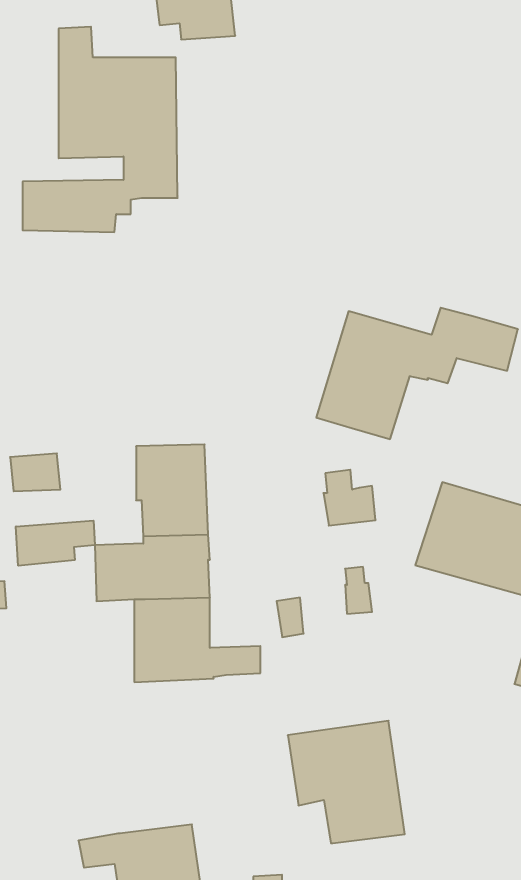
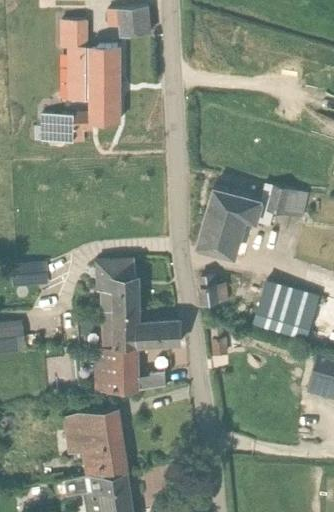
building: [16,521,95,566] -> none
building: none -> [137,322,181,345]
building: [288,721,405,843] -> [63,408,128,476]

